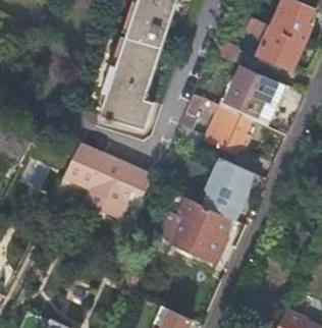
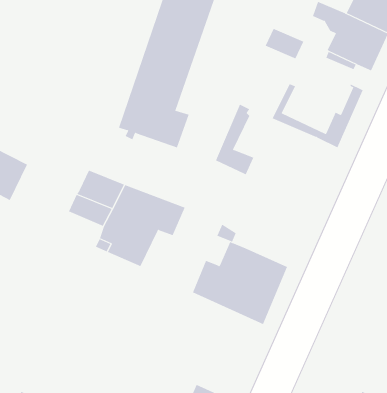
building: [224,65,277,116] -> none
building: [206,103,250,152] -> none
building: [197,157,256,220] -> none

